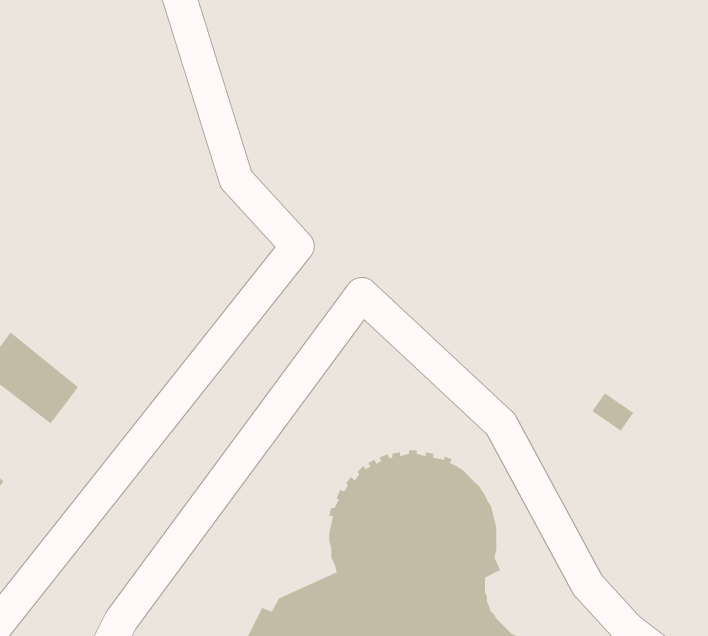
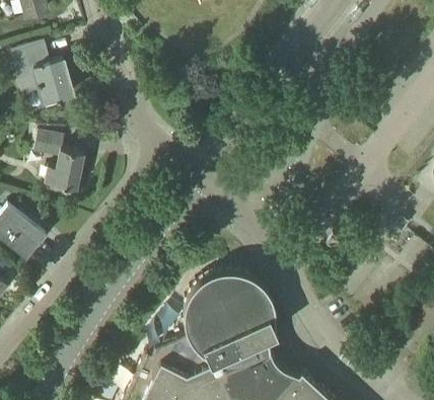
building: none -> [11,46,74,107]
building: none -> [34,132,86,193]

